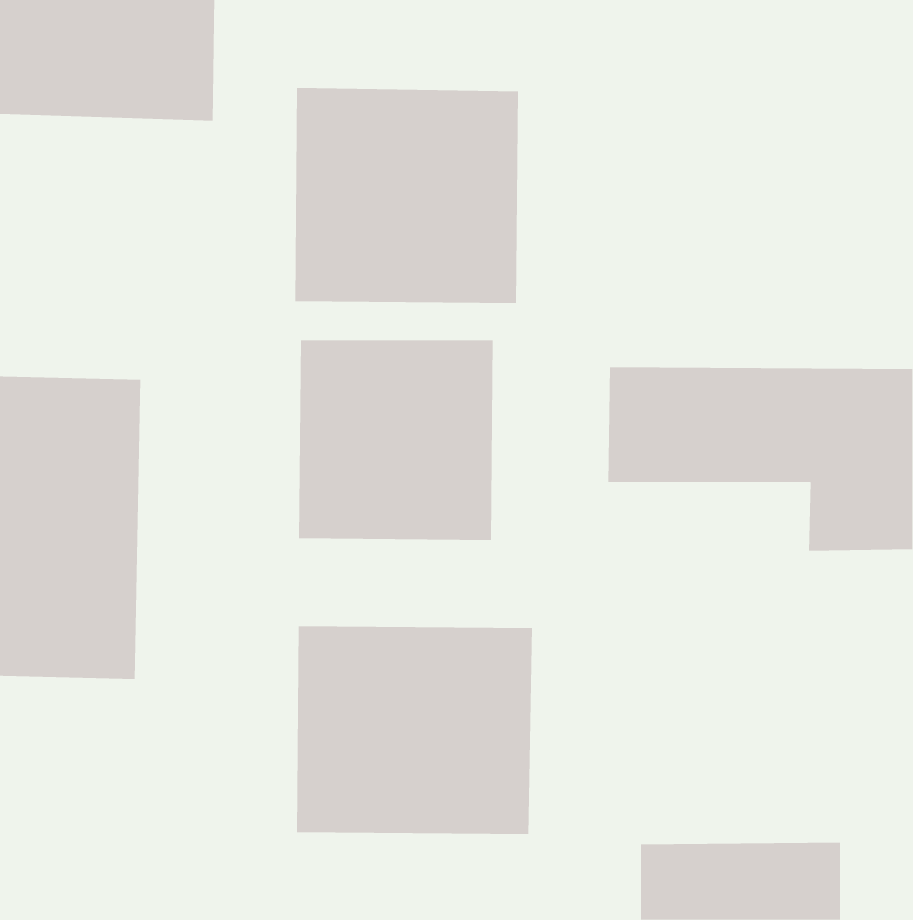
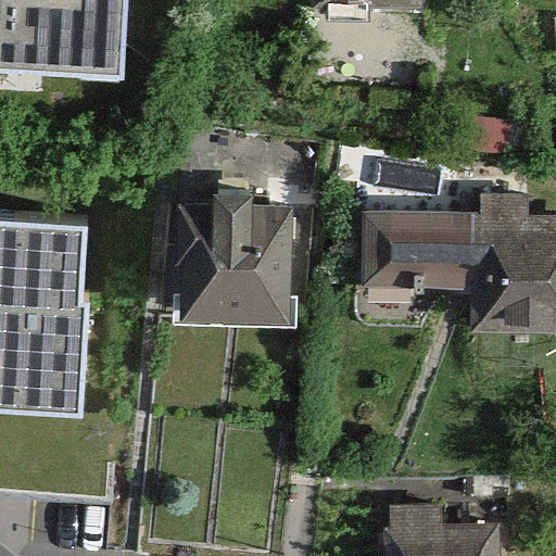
building: [295,87,518,304] -> none
building: [296,625,533,835] -> none

